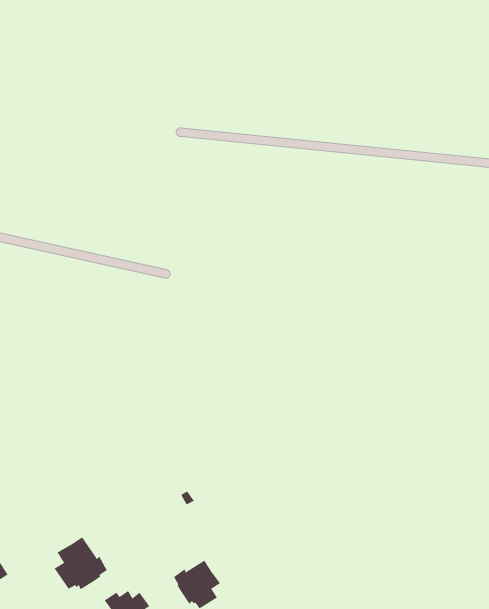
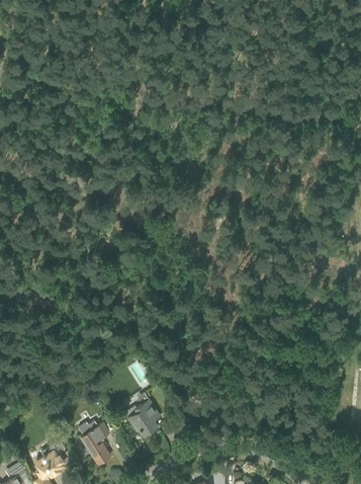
building: [54,537,108,590] -> none

